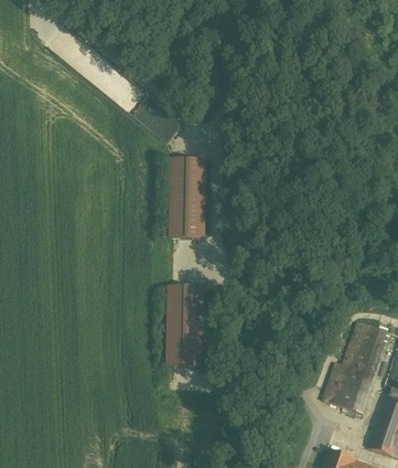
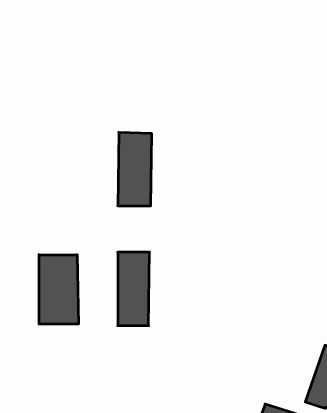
building: none -> [39,255,78,324]
building: [320,321,387,413] -> none

